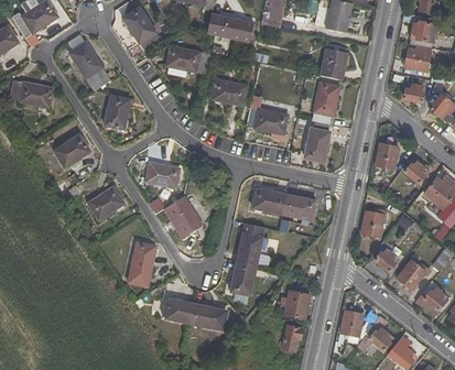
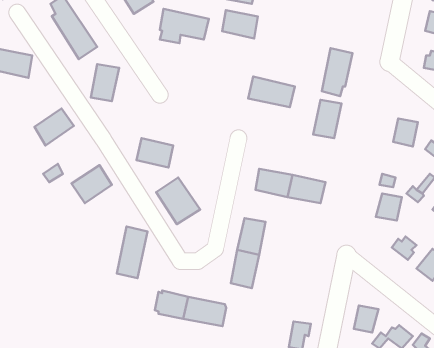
building: [319,47,347,79] -> none
building: [213,79,245,105] -> [222,10,258,39]
building: [281,290,308,317] -> none

